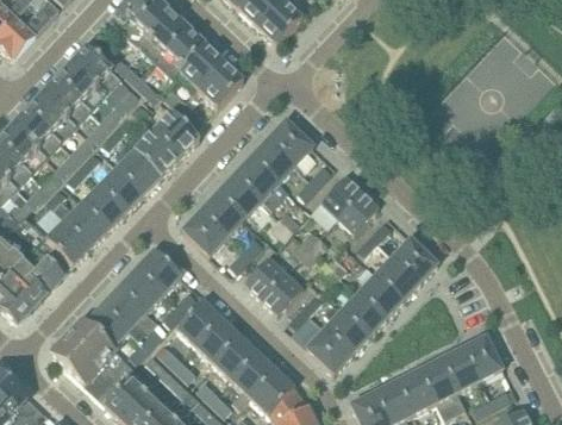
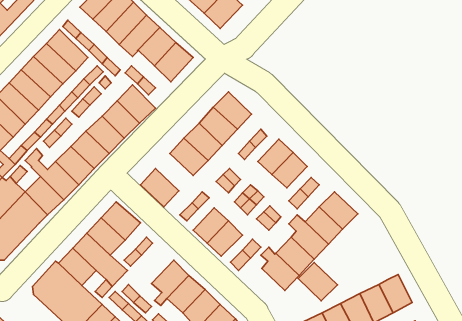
building: [199,192,243,236] -> none
building: [175,300,220,345] -> none
building: [305,327,351,373] -> [298,263,337,301]

